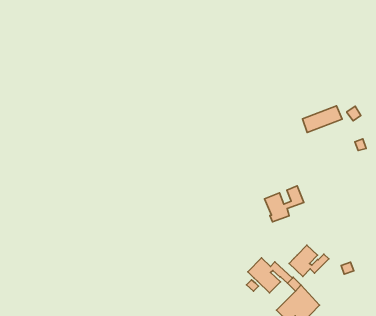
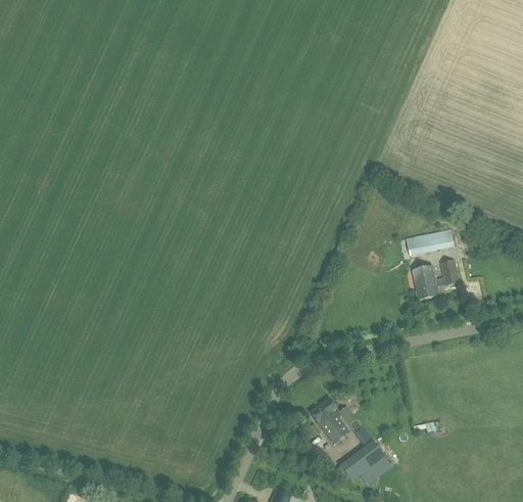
building: [265,186,304,222] -> [412,260,459,299]
building: [289,245,329,276] -> none

